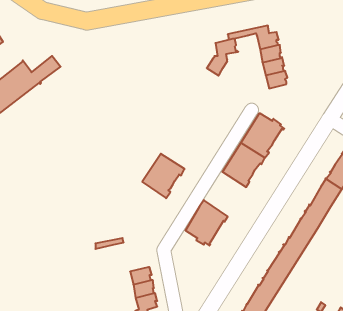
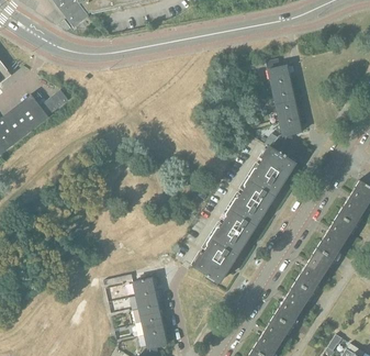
building: [207,39,238,76] -> [271,119,303,156]
building: [142,154,185,198] -> [214,208,257,253]
building: none -> [133,278,158,309]

